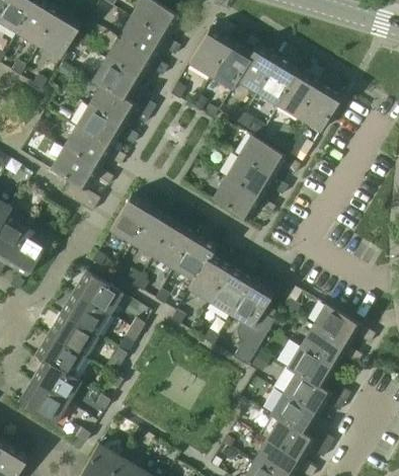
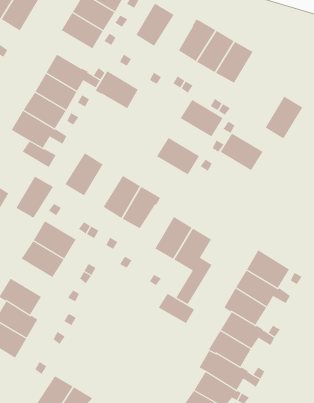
building: [210,41,252,89] -> none
building: [92,58,141,100] -> [95,70,139,109]
building: [299,82,341,131] -> [265,96,303,139]
building: [225,156,273,199] -> [220,133,263,171]
building: [132,208,174,255] -> [16,176,54,219]
building: [188,253,231,302] -> none
building: [49,313,96,355] -> none
building: none -> [158,293,195,324]

